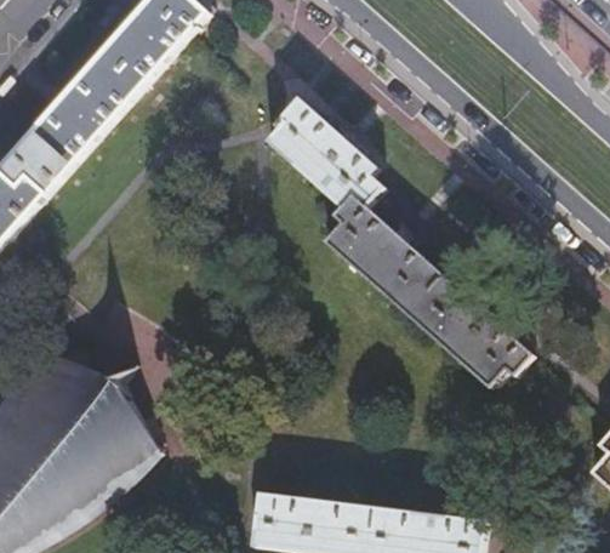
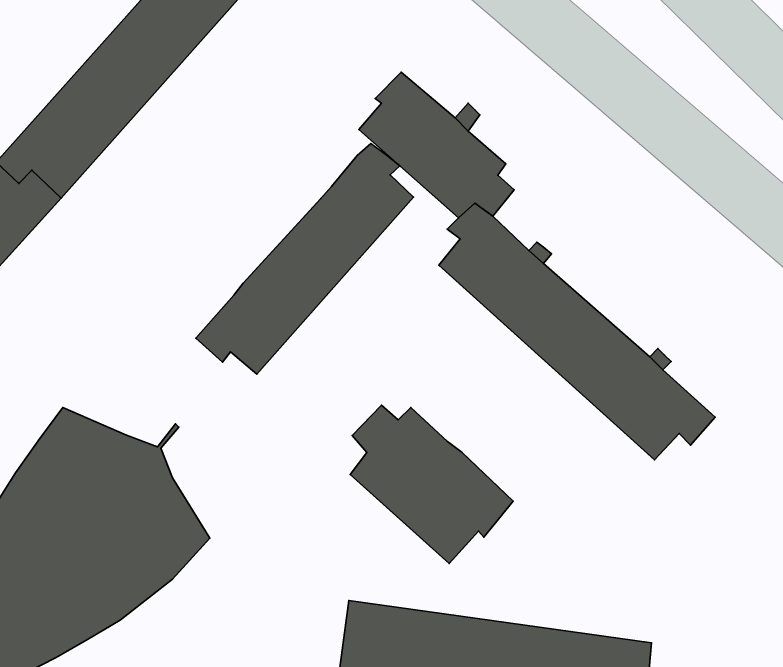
building: none -> [196,143,413,374]
building: none -> [350,405,513,563]

